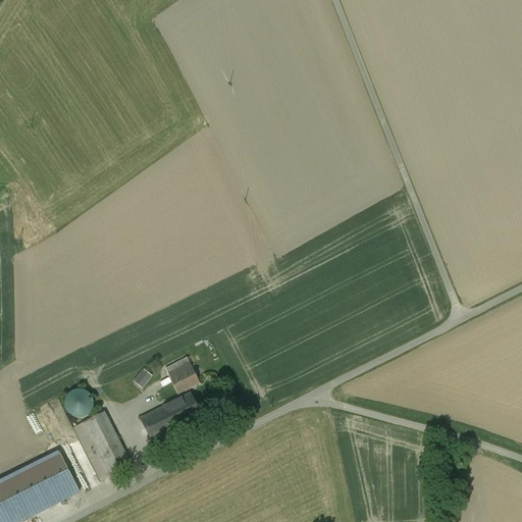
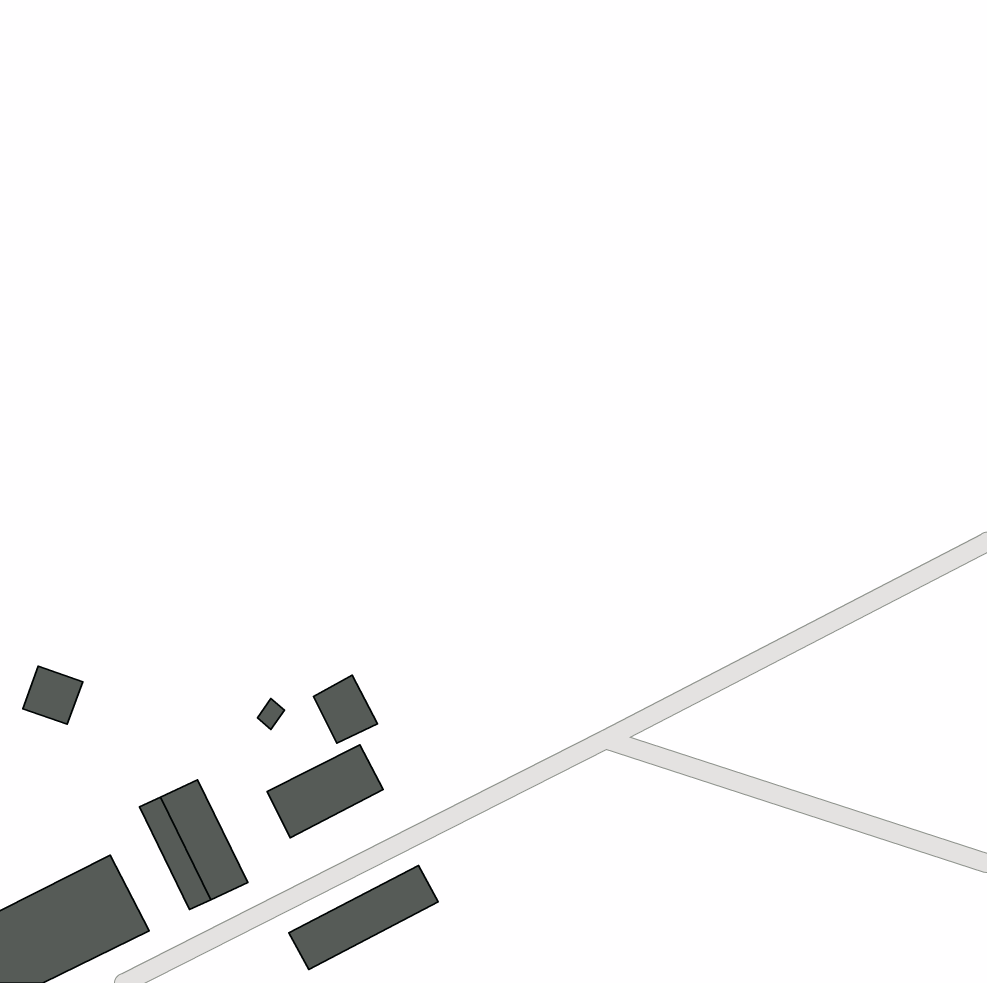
building: [59,385,91,416] -> [23,666,83,724]
building: none -> [289,866,438,969]

